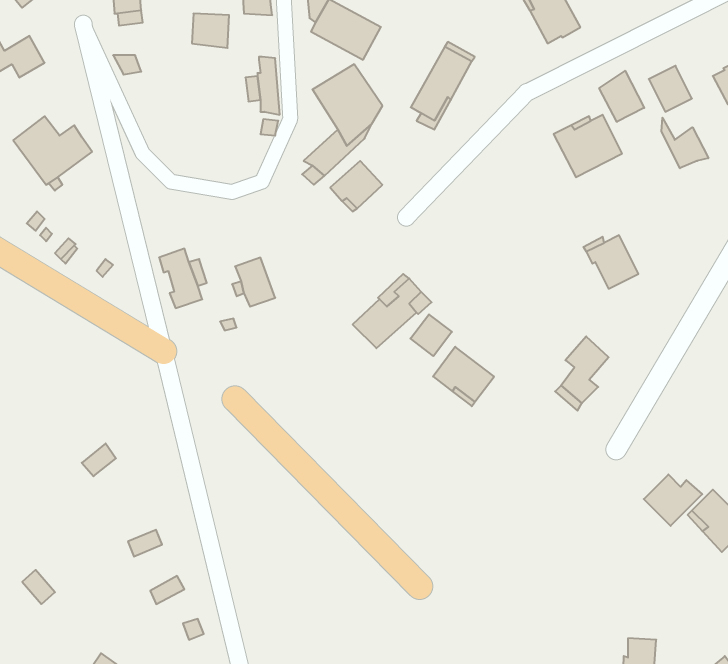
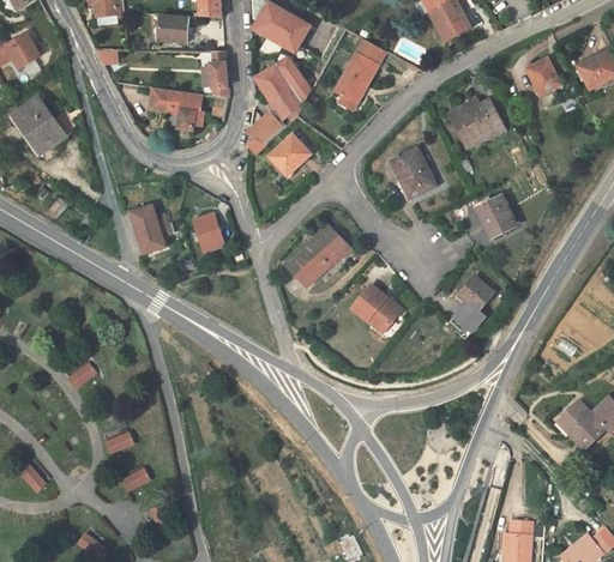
building: [599,71,644,122] -> none
building: none -> [149,86,203,129]
building: [661,118,708,168] -> none
building: none -> [390,147,435,198]
building: [410,314,452,356] -> none
building: [644,474,702,526] -> none

